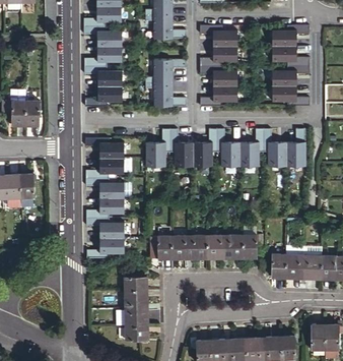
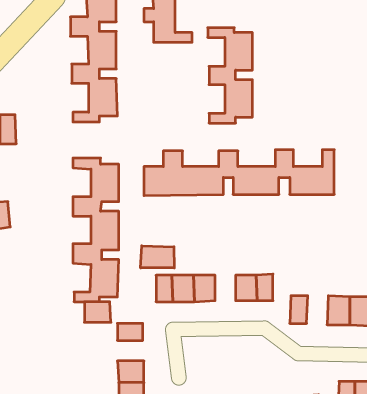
building: [274,26,312,108] -> none
building: [147,61,188,108] -> none
building: none -> [141,246,174,268]
building: [207,236,224,257] -> none
building: [284,253,302,278] -> none
building: [125,291,147,308] -> [84,302,111,322]

